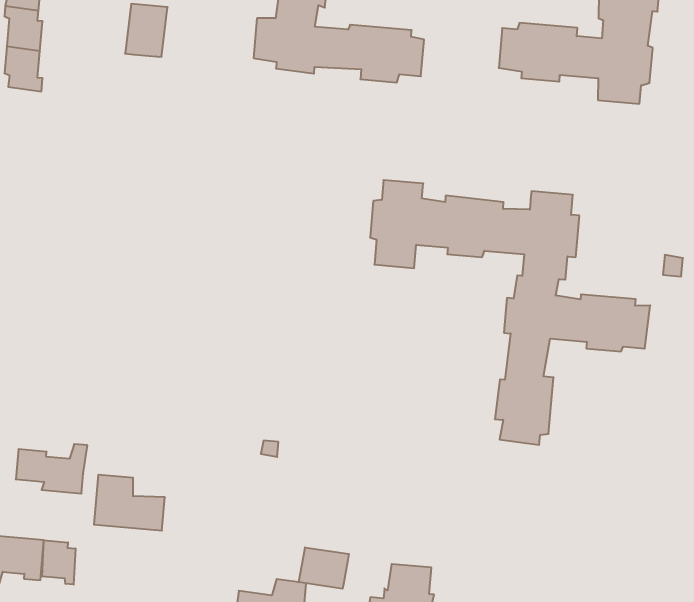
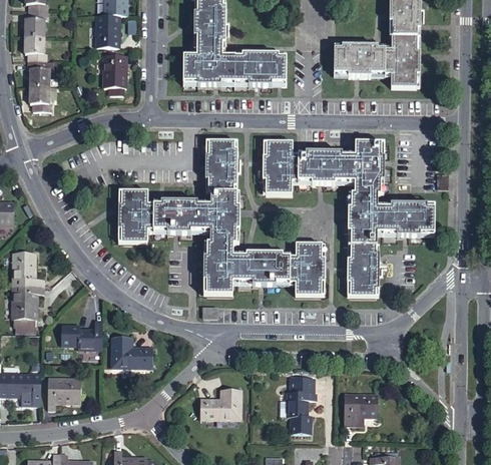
building: none -> [120,144,328,295]
building: [42,540,75,585] -> none
building: [299,547,349,589] -> none

